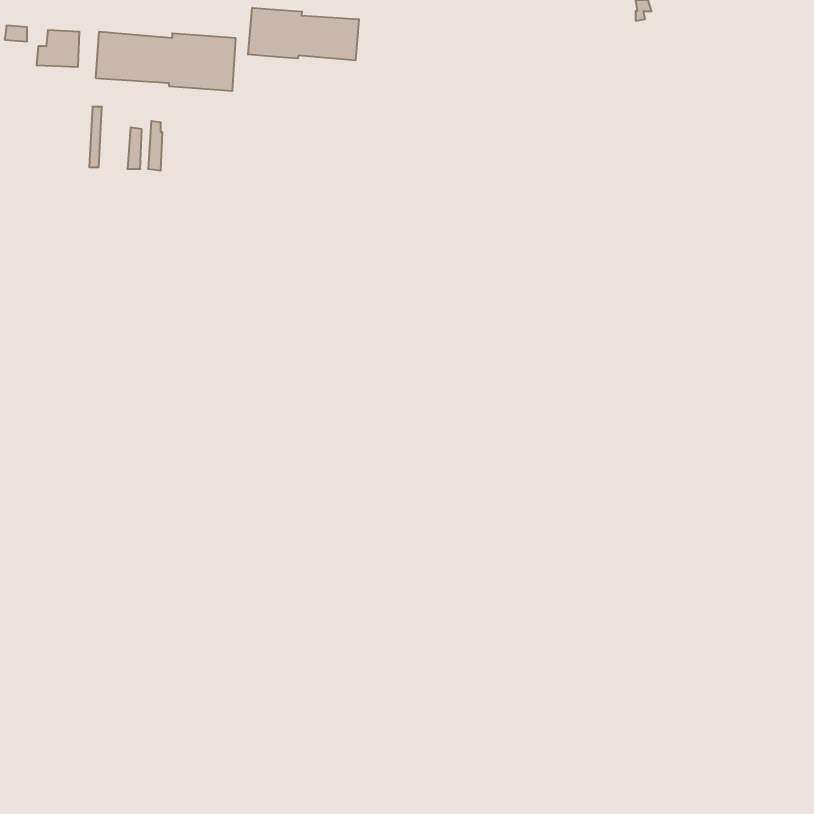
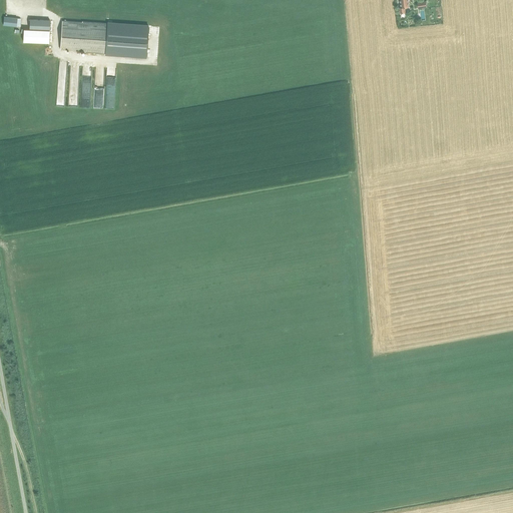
building: [248,8,359,60] -> none

